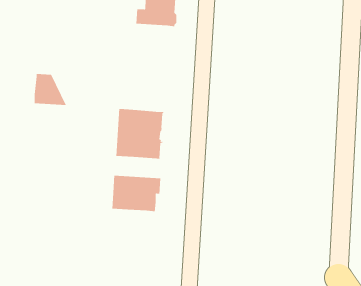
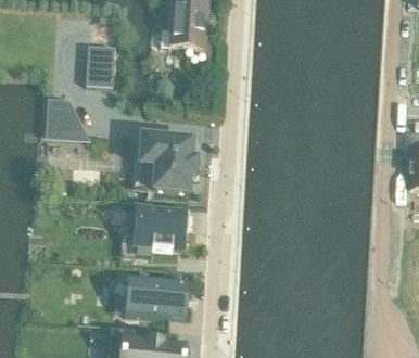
building: none -> [85,44,114,85]
building: none -> [124,278,188,316]

